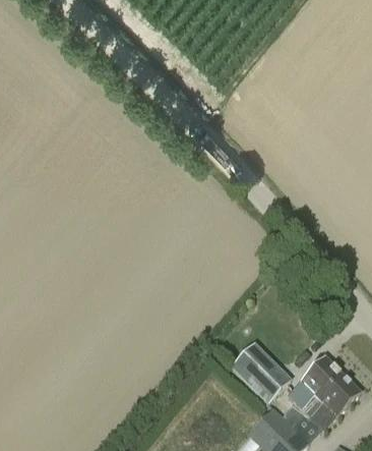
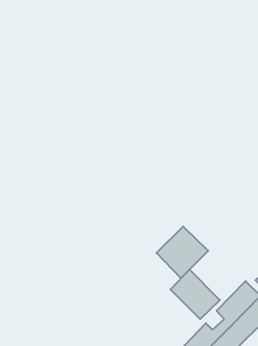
building: none -> [156,226,208,278]

